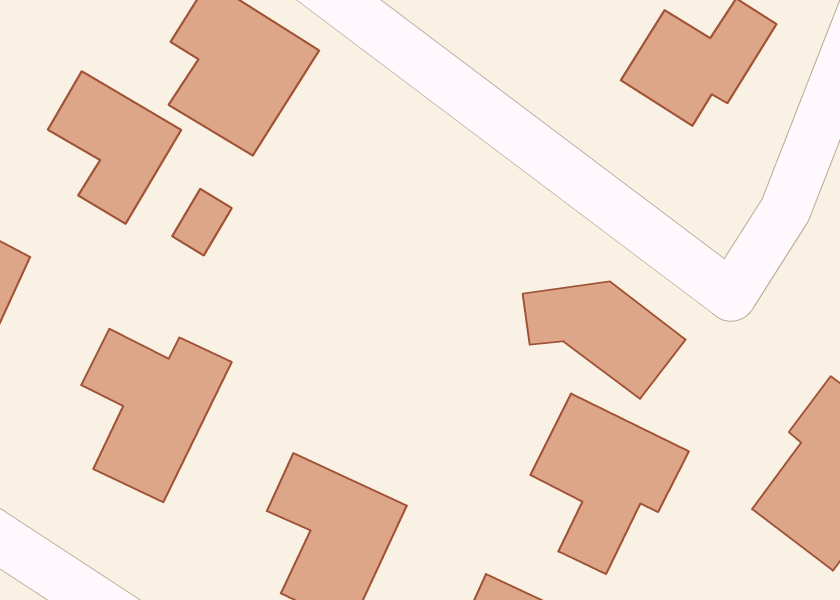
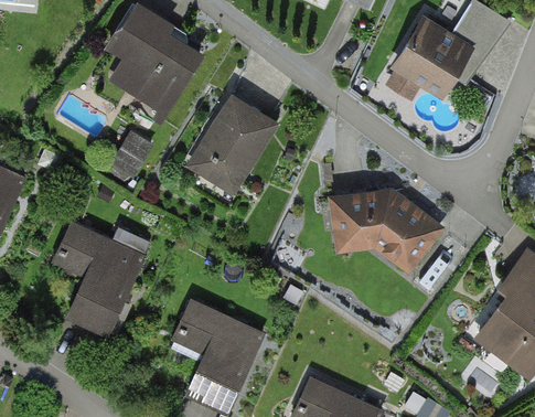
building: [48,71,181,224] -> none
building: none -> [192,97,277,191]
building: [530,393,689,574] -> none

